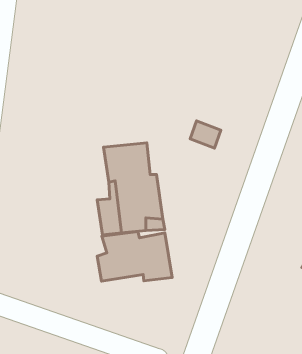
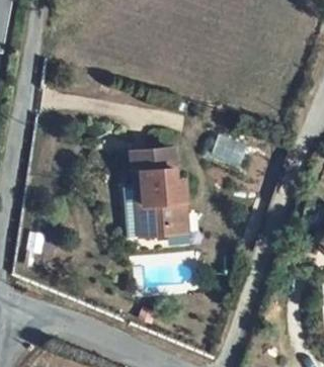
building: [97,231,172,281] -> none

